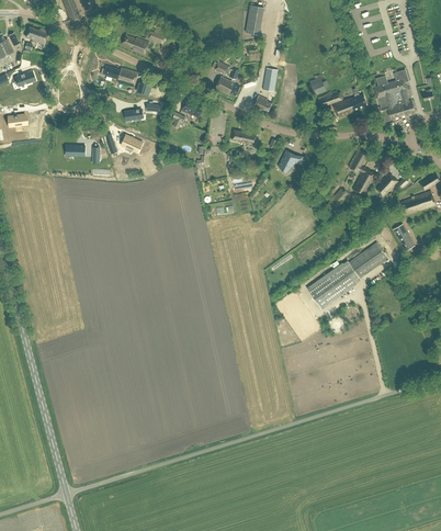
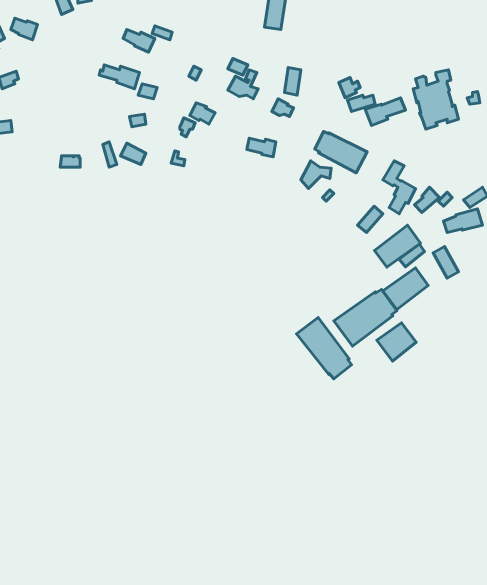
building: none -> [315,131,367,173]
building: none -> [374,225,421,267]
building: none -> [297,318,352,379]
building: none -> [377,323,416,361]

